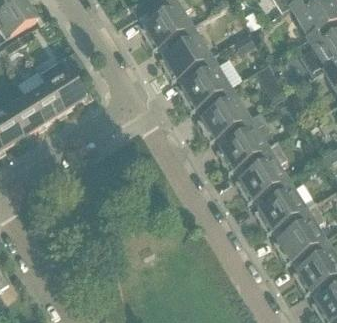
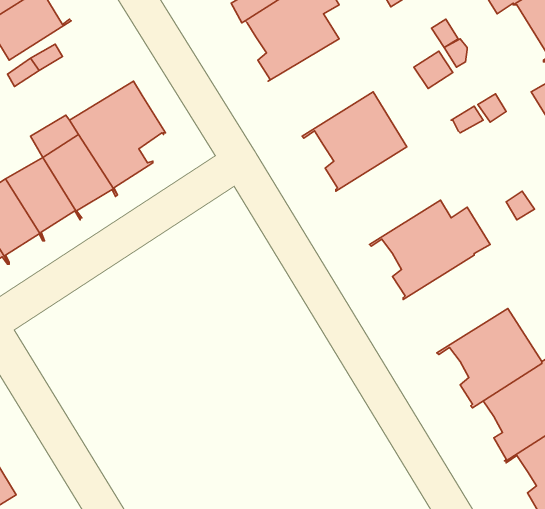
building: [152,27,211,82] -> none
building: [190,88,249,143] -> none
building: [228,142,288,204] -> none

